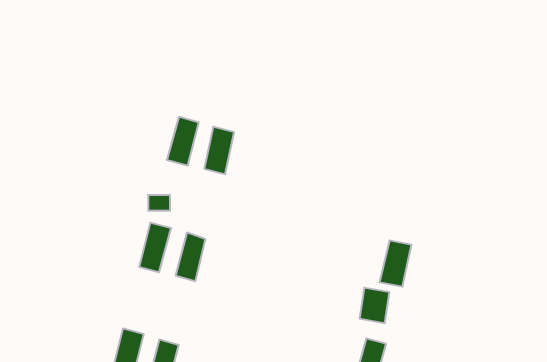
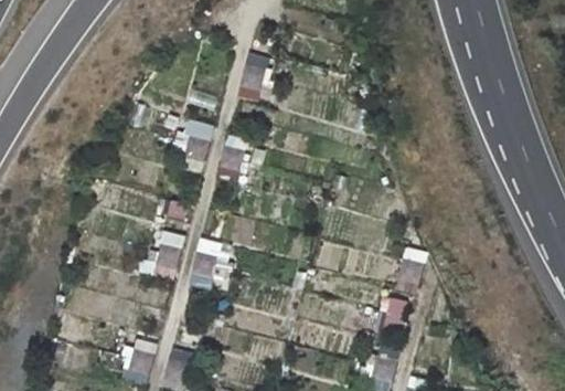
building: none -> [236,53,269,102]

